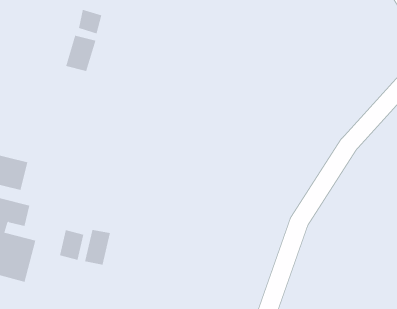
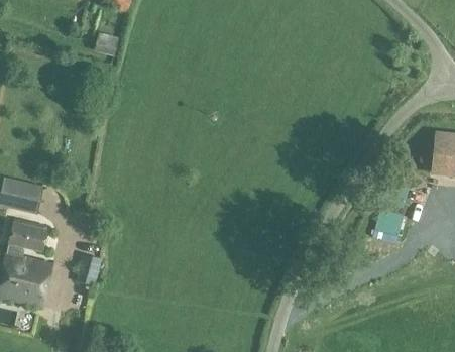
building: [65,35,96,72] -> none
building: [85,229,110,265] -> none

